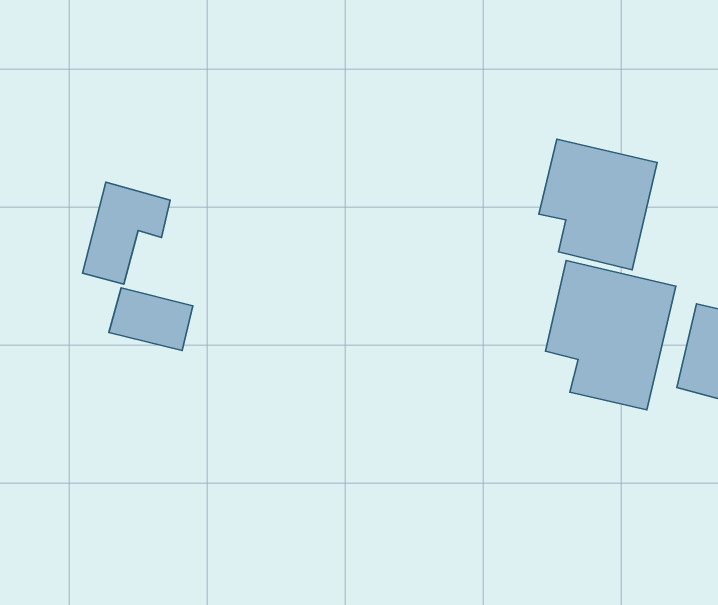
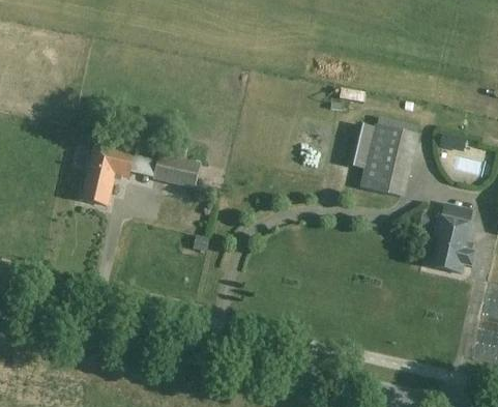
building: [546,260,676,410] -> none
building: [109,288,193,350] -> [152,151,201,187]

